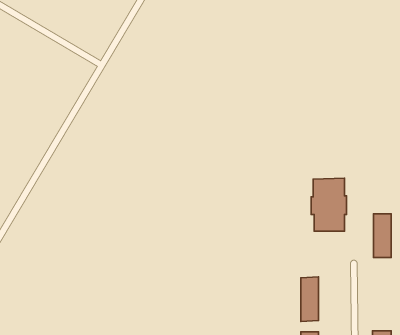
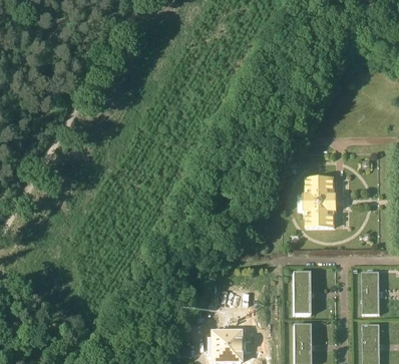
building: [373,214,391,258] -> [363,271,380,313]

